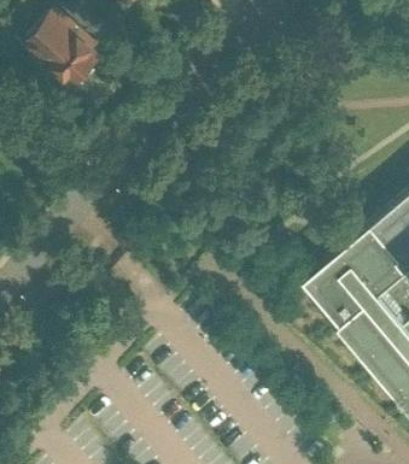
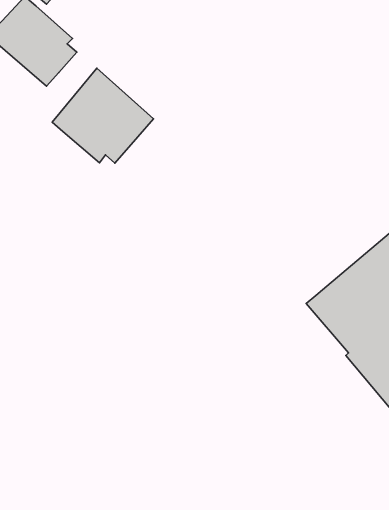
building: none -> [52,68,153,163]

